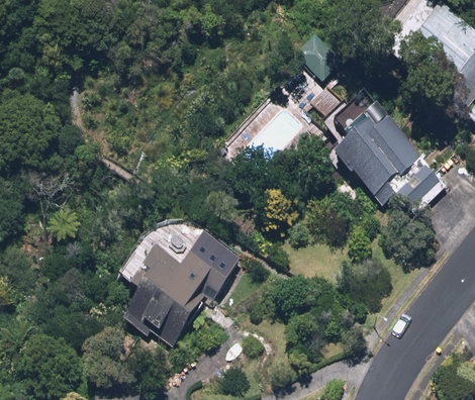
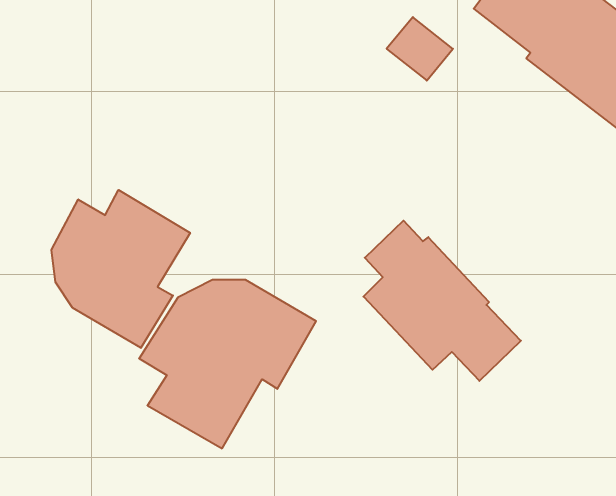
building: [334,96,449,213] -> [363,221,521,381]
building: none -> [52,190,190,348]

